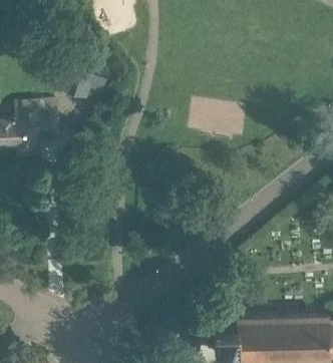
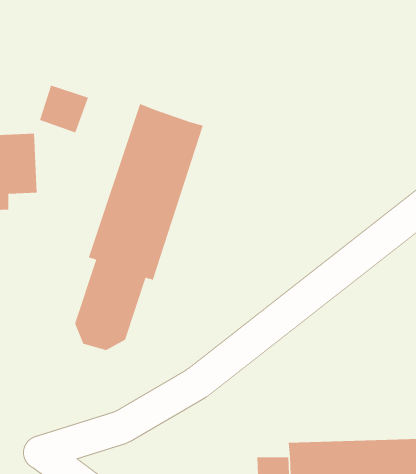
building: none -> [75,103,203,351]

